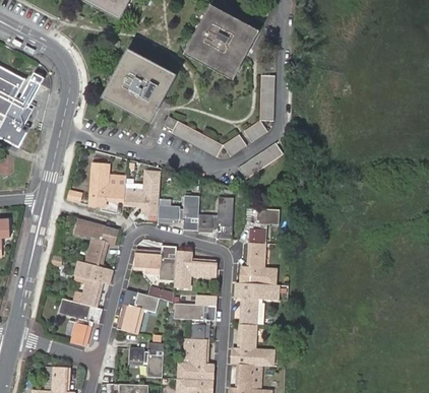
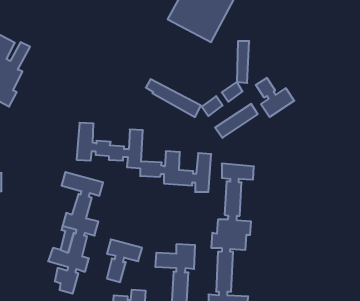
building: [105,52,175,122] -> none
building: none -> [256,78,294,117]
building: [134,244,216,286] -> none

